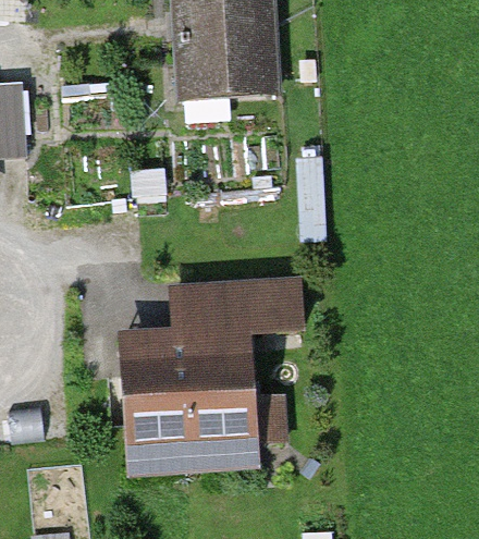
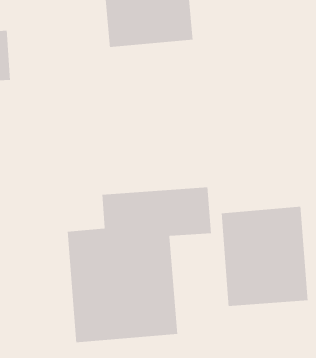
building: none -> [221,206,308,307]

